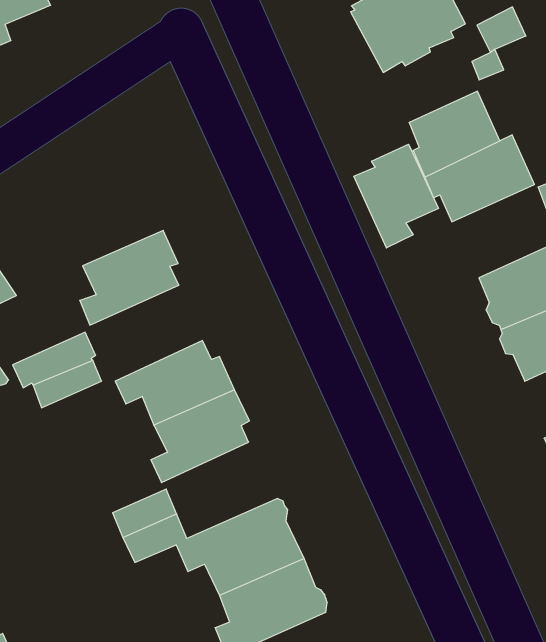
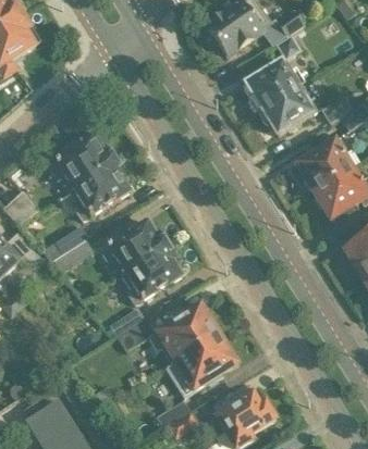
building: [354,144,439,248] -> none
building: none -> [49,133,116,187]

